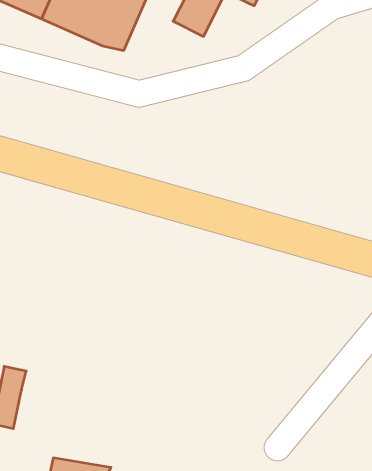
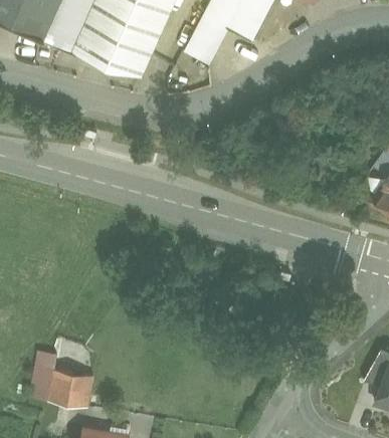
building: none -> [47,366,83,406]

